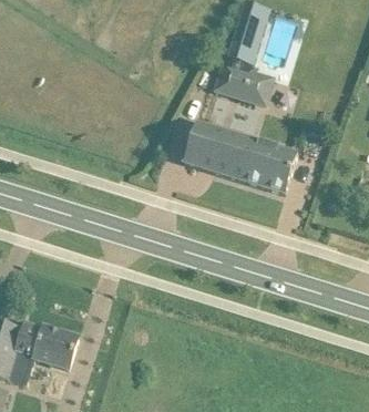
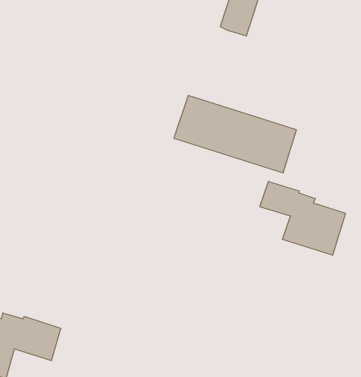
building: [214,65,266,104] -> none
building: none -> [260,181,345,255]

